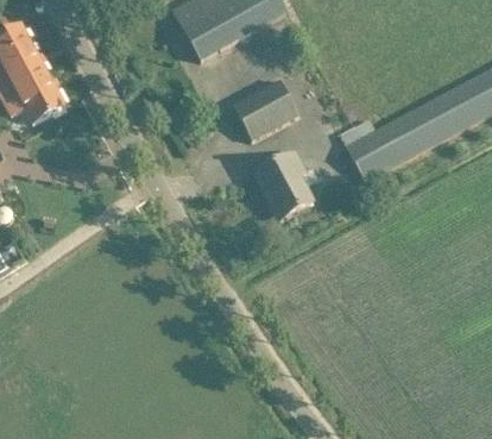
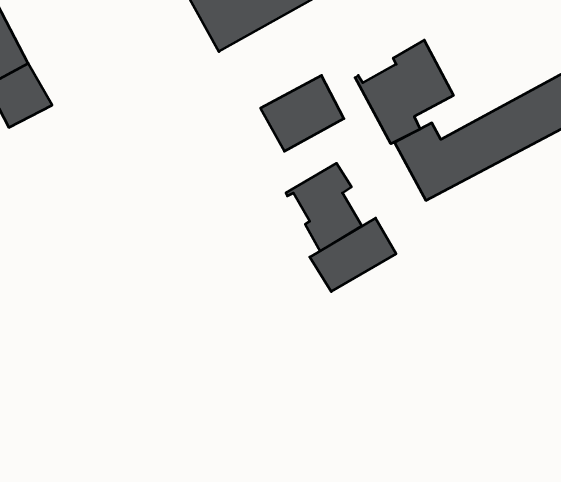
building: none -> [355,40,453,144]
building: none -> [310,218,396,292]

